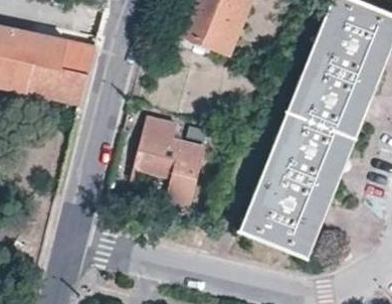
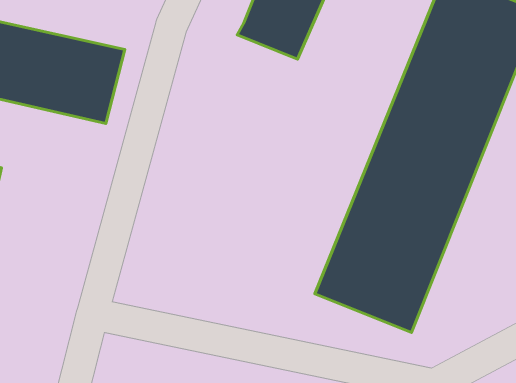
building: [131,116,204,208] -> none

